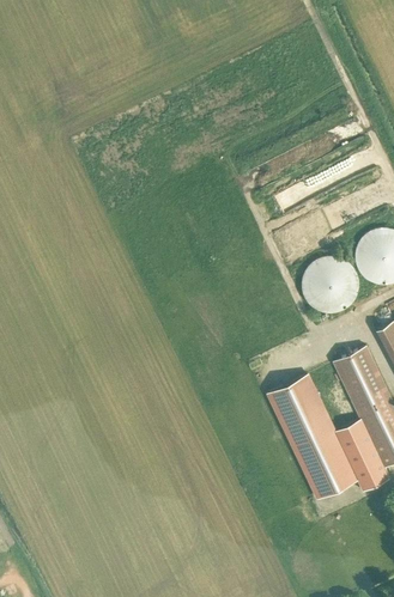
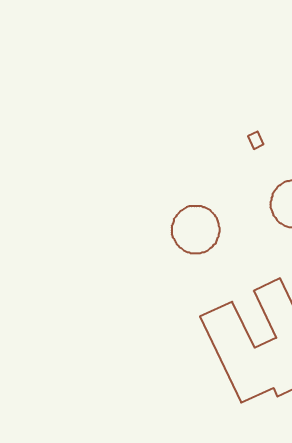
building: [299,256,358,313] -> [172,206,220,253]

